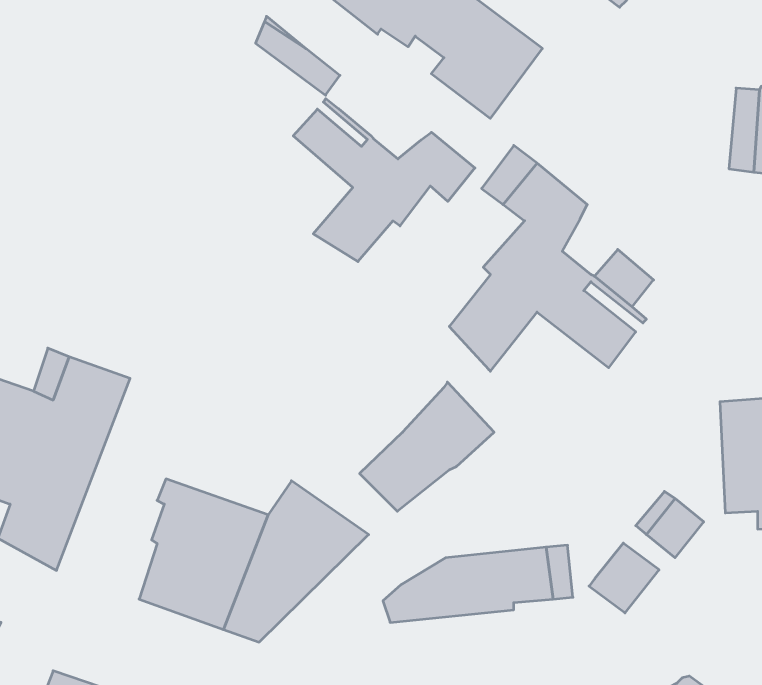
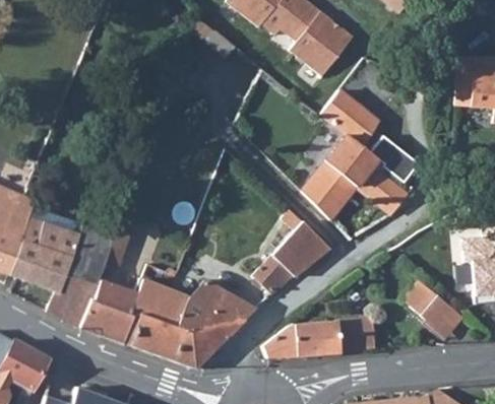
building: [293,99,475,262] -> none
building: none -> [79,278,140,345]
building: [589,543,659,613] -> [427,301,467,341]

